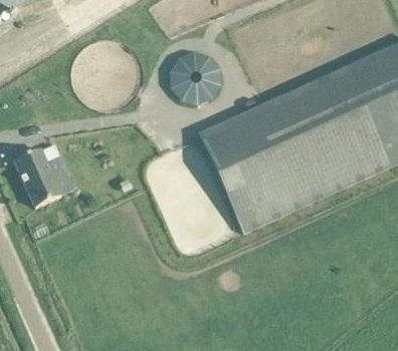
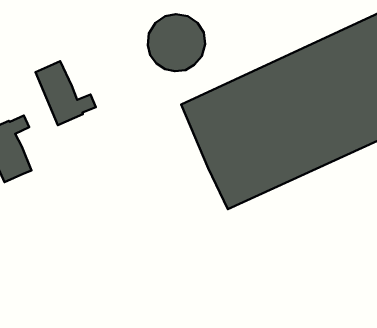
building: none -> [35,61,96,125]

